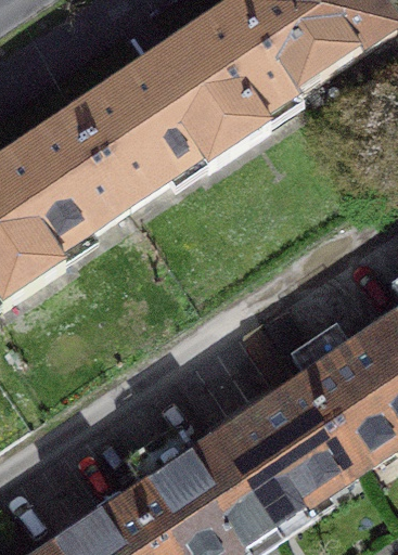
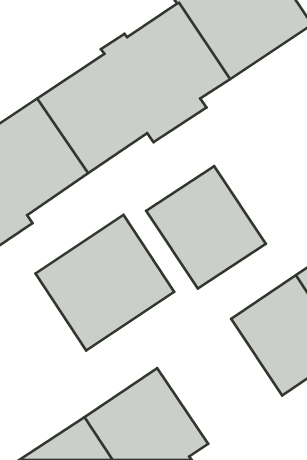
building: none -> [146,166,266,289]
building: none -> [36,215,174,351]
building: [206,379,355,528] -> none

